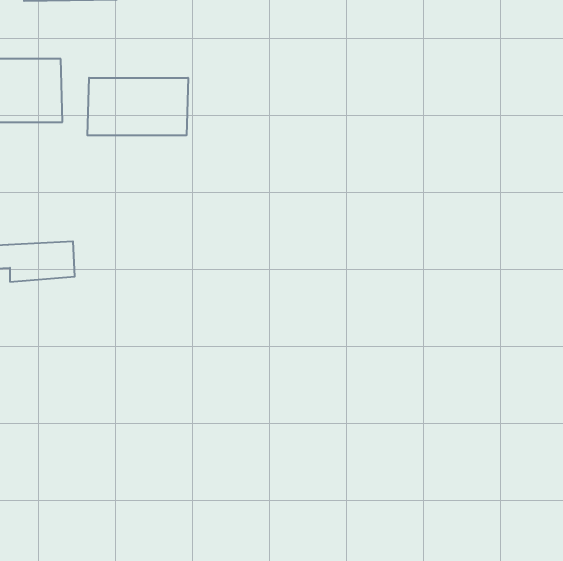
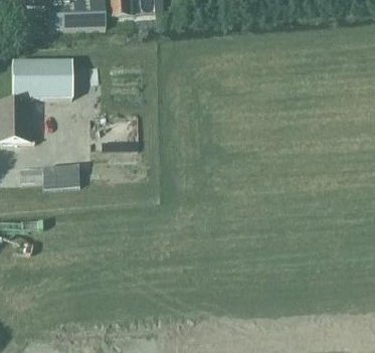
building: [87,78,188,135] -> none

